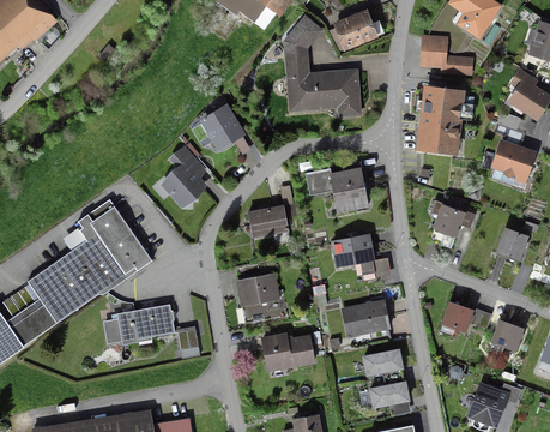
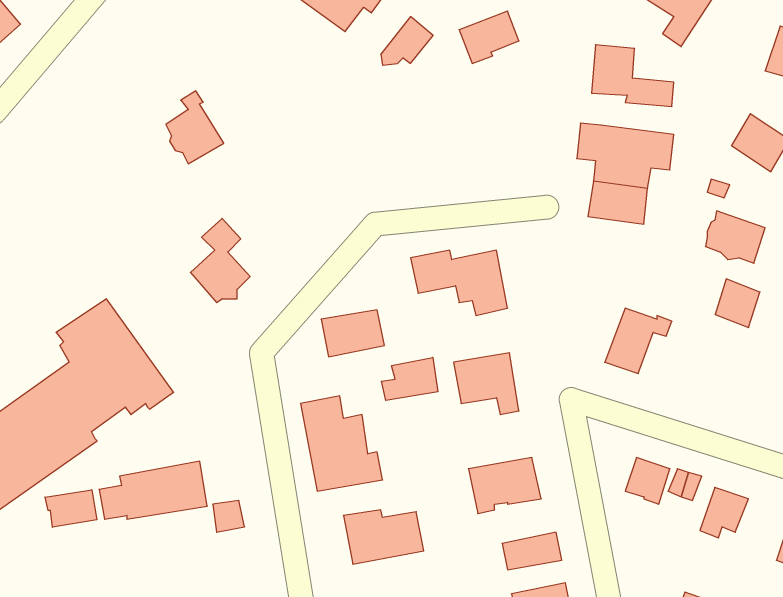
building: [286,52,358,114] -> none
building: [204,100,241,146] -> [166,91,224,164]
building: [497,228,526,259] -> [715,279,760,328]
building: none -> [381,357,438,400]
building: none -> [45,490,97,527]

